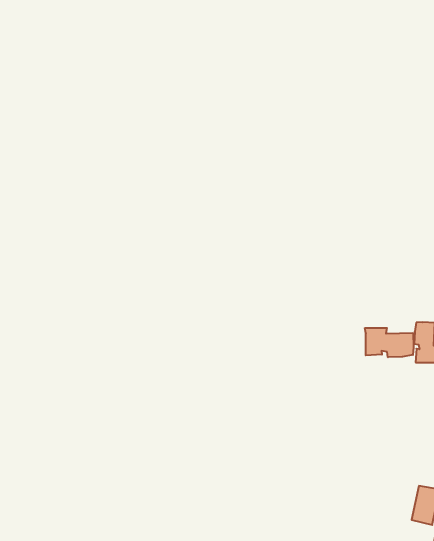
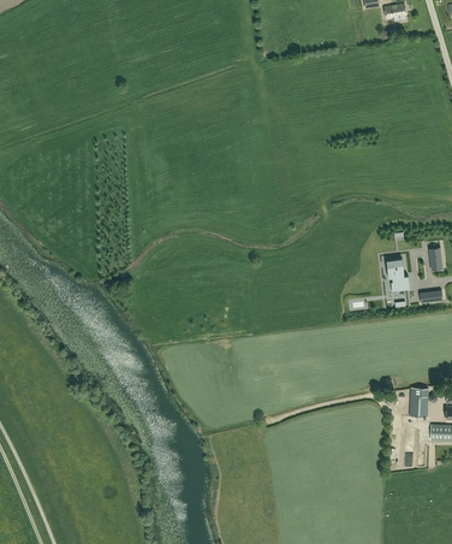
building: [365,328,414,357] -> none

